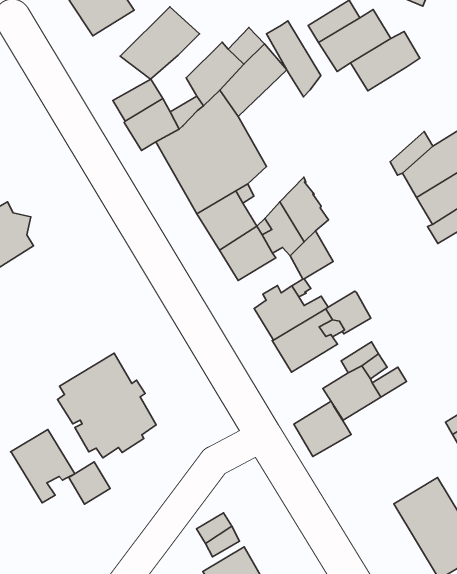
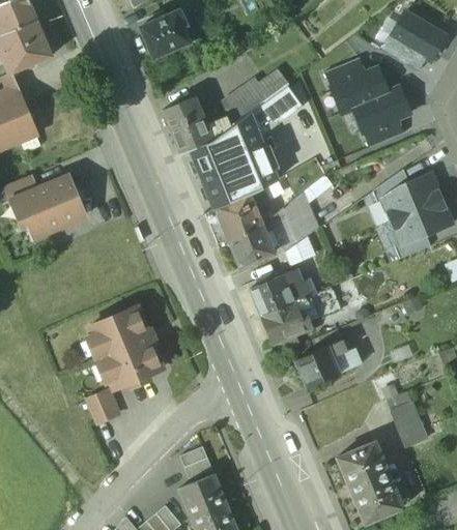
building: [120,7,200,79] -> none
building: [266,21,321,97] -> none
building: none -> [364,117,404,148]
building: [294,401,351,457] -> none
building: [10,429,75,503] -> none

